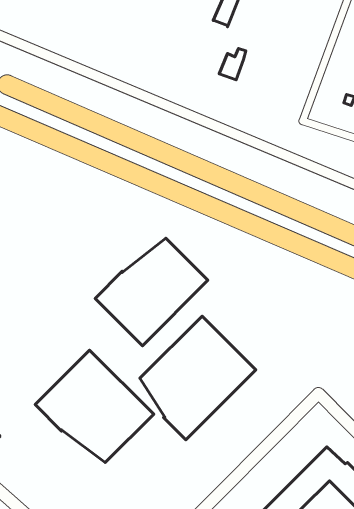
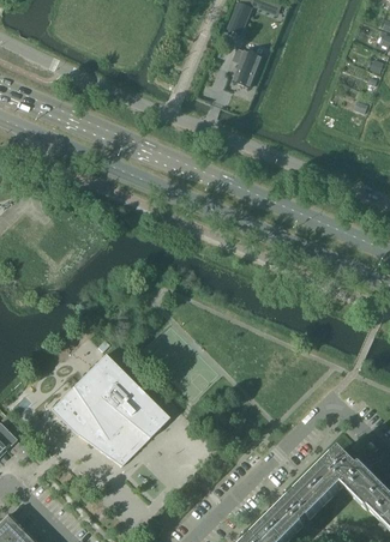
building: [95,238,208,346] -> none
building: [140,316,256,440] -> none

